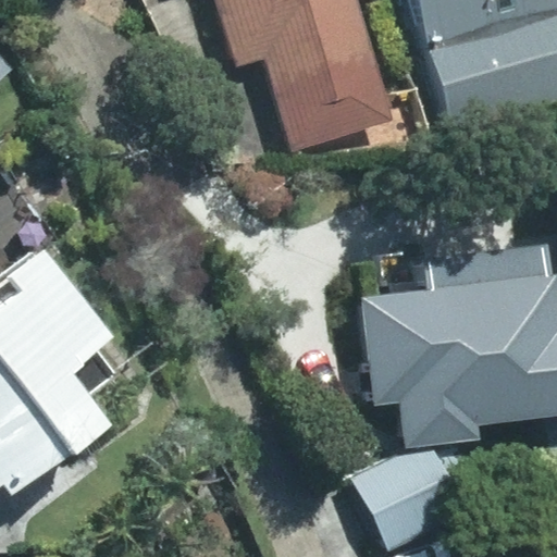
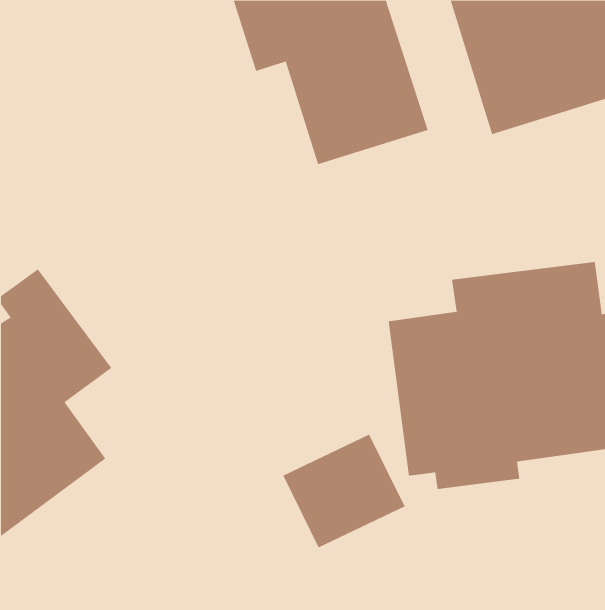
building: [355,445,467,549] -> [282,434,405,548]

